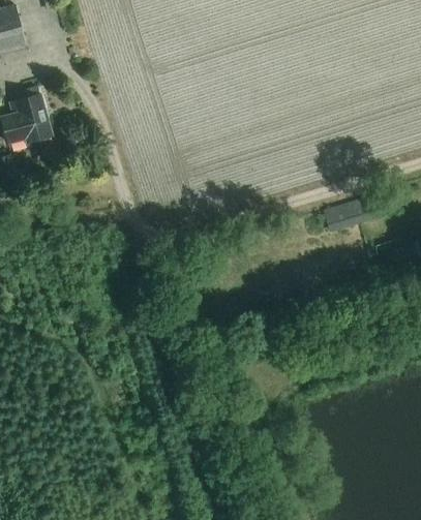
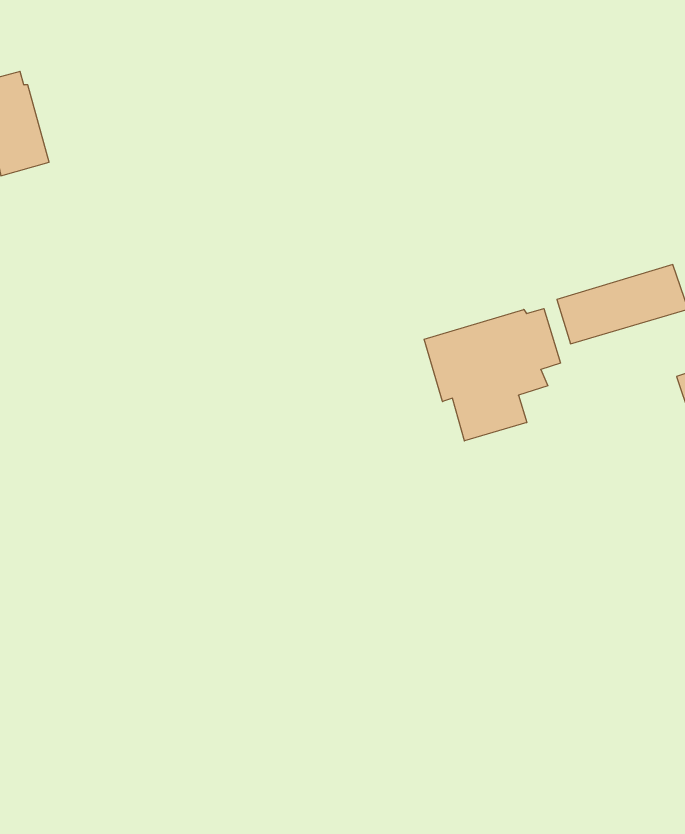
building: none -> [424,309,560,441]

